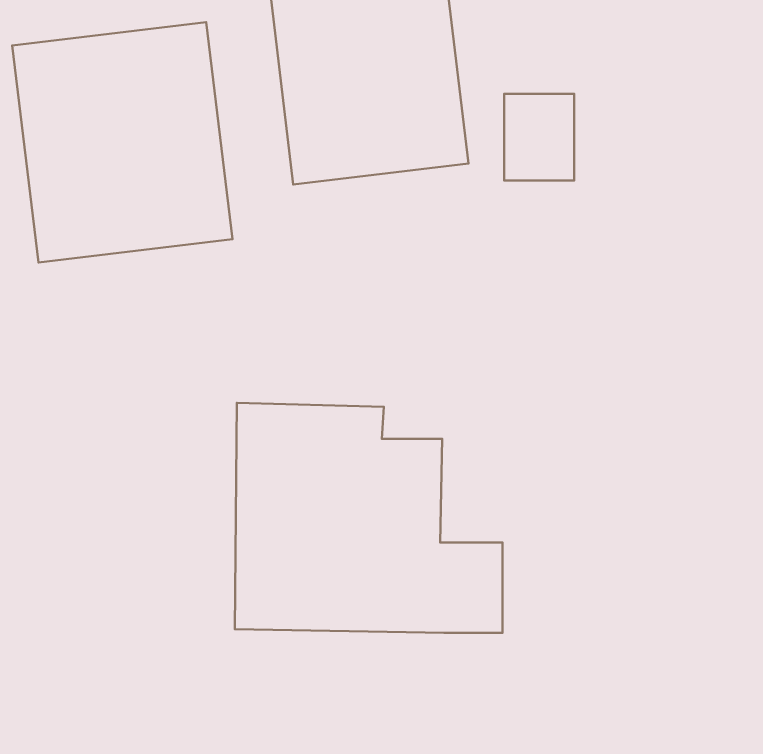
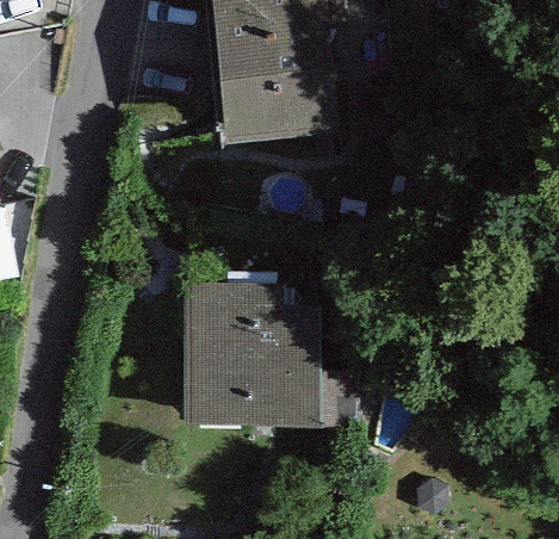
building: [12,22,233,262] -> none

